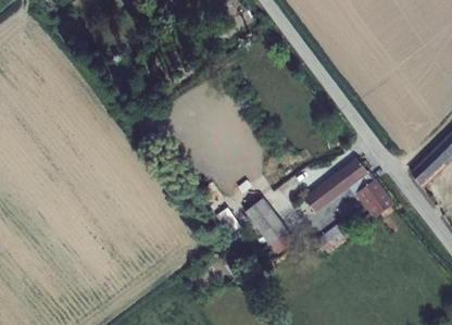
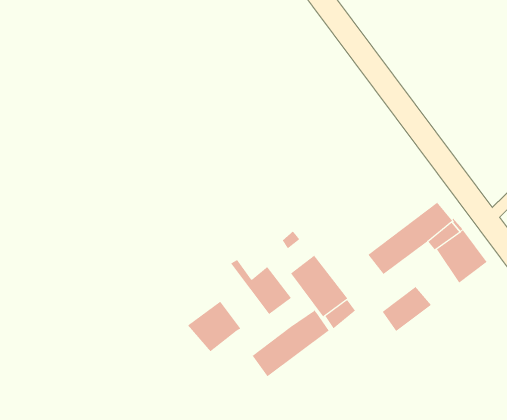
building: none -> [187,301,241,352]
building: none -> [252,309,329,377]

